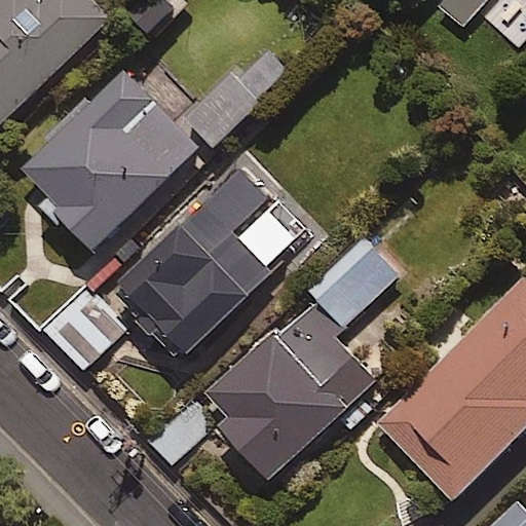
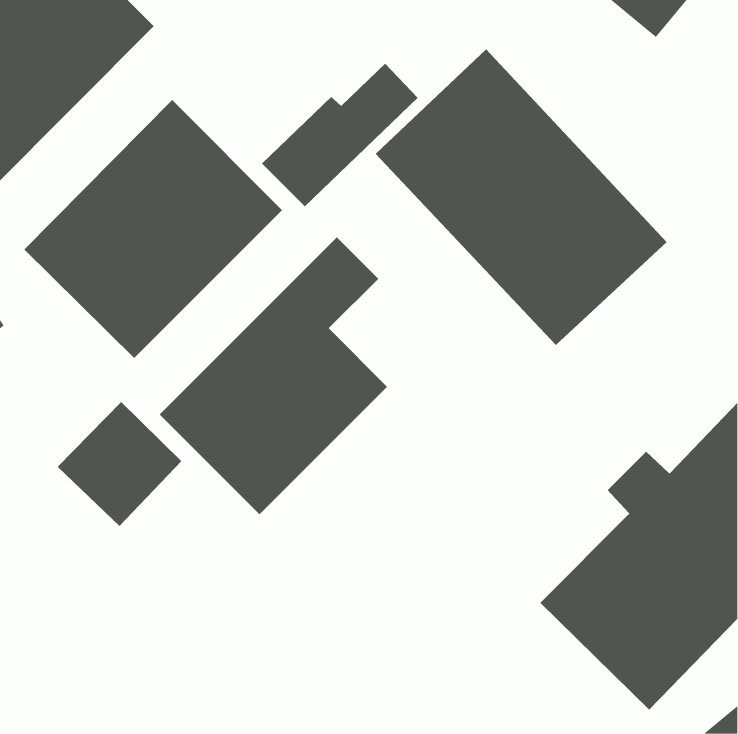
building: none -> [375,49,668,346]
building: [206,234,400,480] -> none

